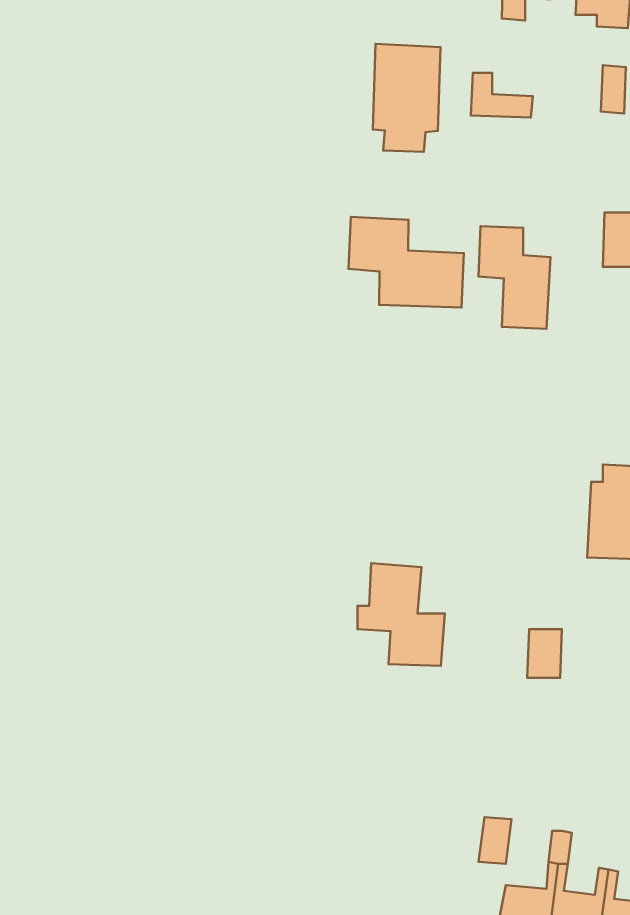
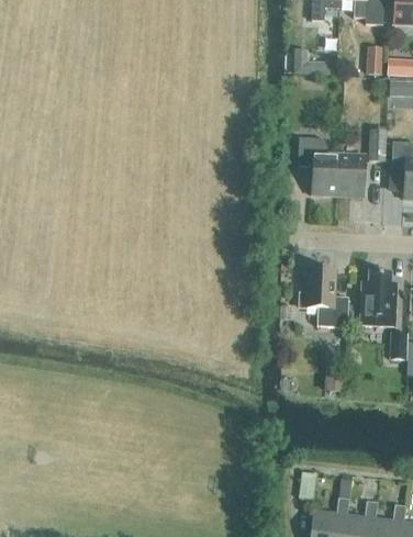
building: [373,44,440,152] -> none
building: [349,217,464,307] -> none
building: none -> [337,155,366,197]
building: [357,563,445,666] -> [300,269,349,327]

